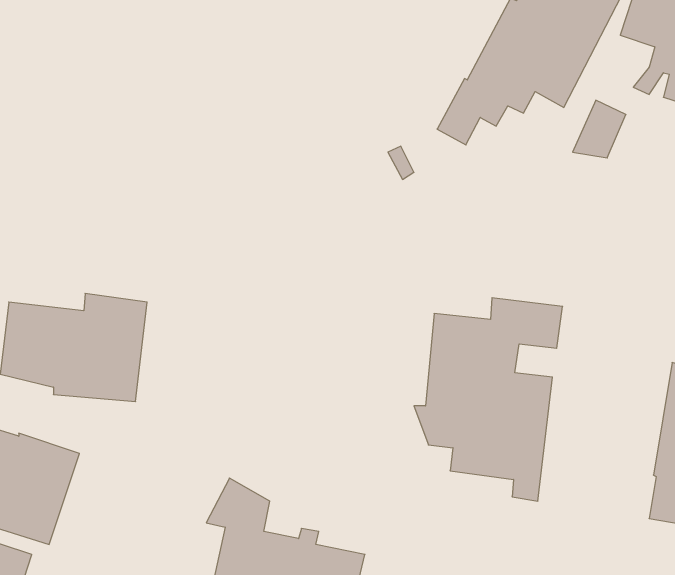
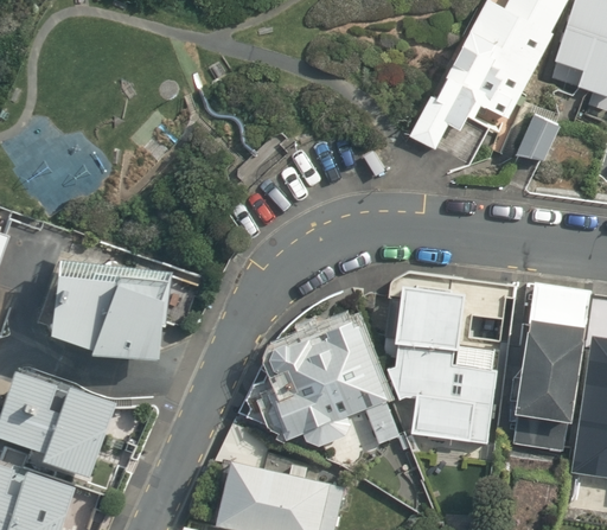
building: none -> [515,283,590,452]
building: none -> [243,321,402,445]

